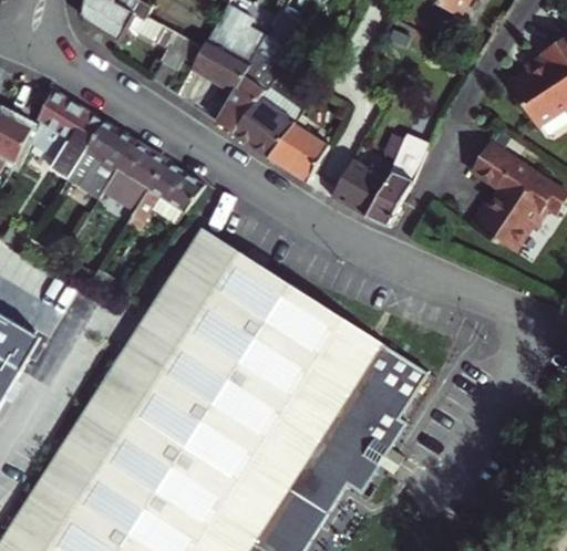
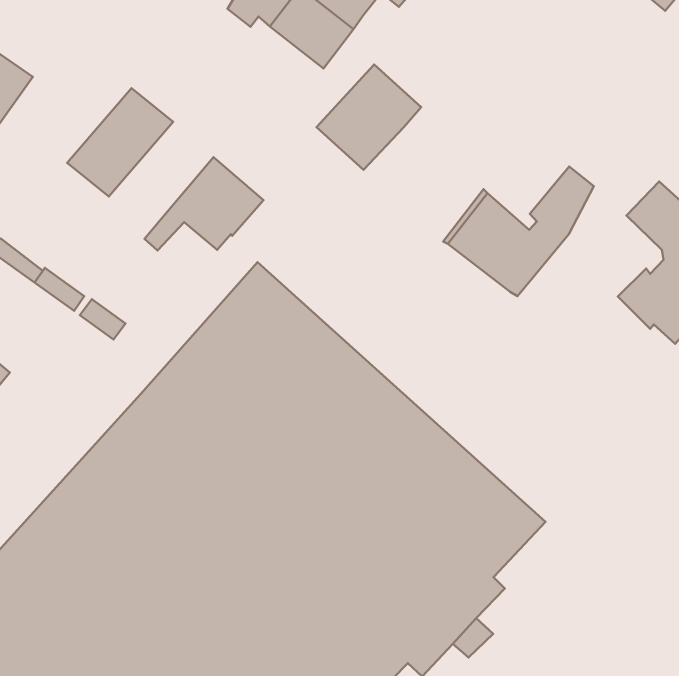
building: [215,49,276,131] -> none
building: [28,91,101,180] -> none
building: [268,122,327,180] -> none
building: [102,142,164,210] -> none

